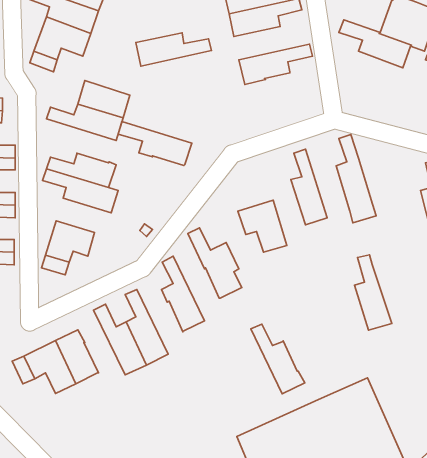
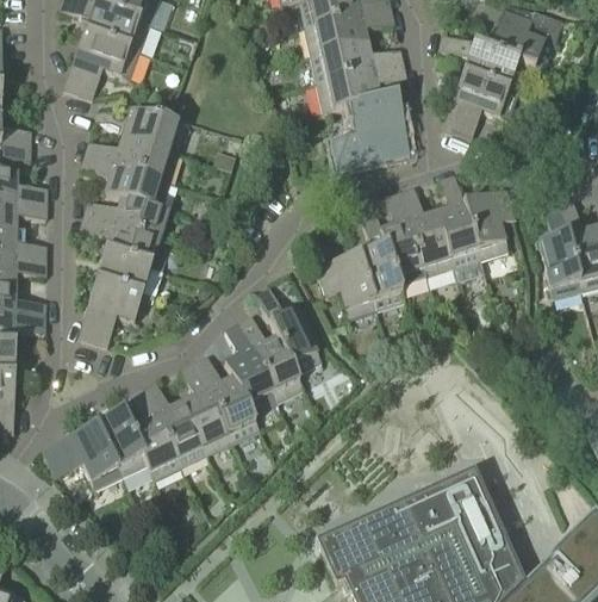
building: [136,33,211,66] -> [311,43,403,83]
building: none -> [442,73,516,139]
building: none -> [330,94,409,169]
building: [118,121,192,166] -> [79,155,168,209]
building: none -> [398,187,451,275]
building: none -> [462,190,512,259]
building: none -> [95,252,162,298]
building: [355,255,392,330] -> [359,217,404,309]
building: none -> [193,355,258,441]
building: none -> [127,387,179,479]
building: [251,324,305,394] -> [237,316,303,401]

